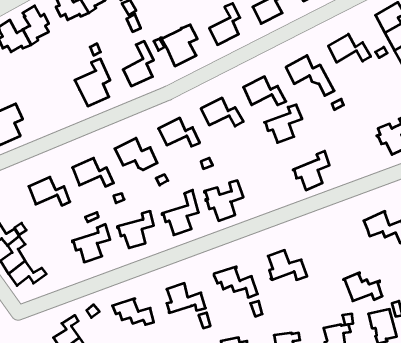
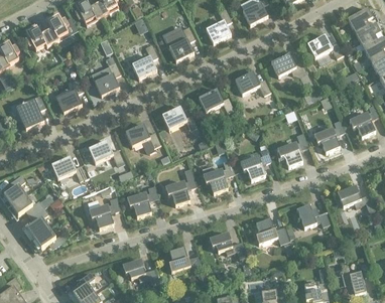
building: none -> [56,77,83,112]
building: [264,105,302,143] -> [239,147,271,179]
building: none -> [312,118,345,151]
building: [343,273,382,301] -> [295,202,329,226]

